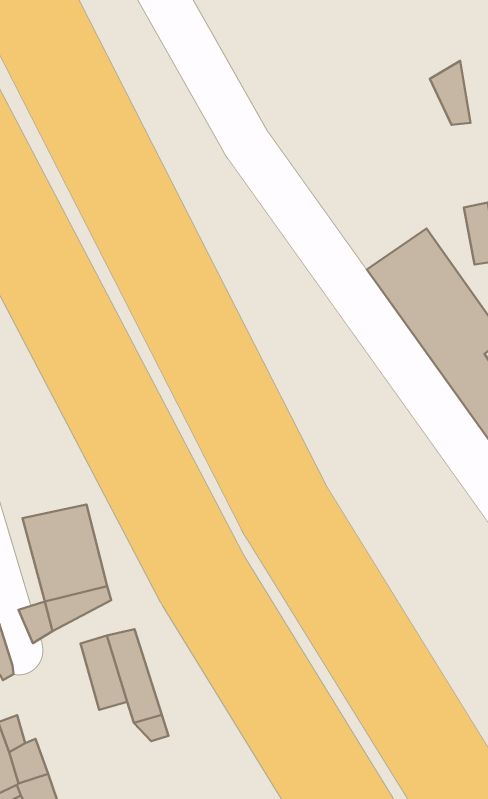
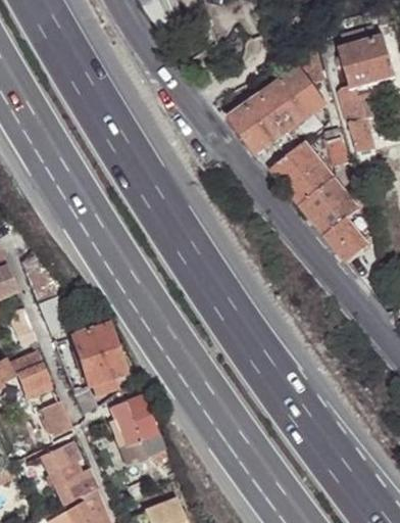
building: none -> [228,65,322,153]

